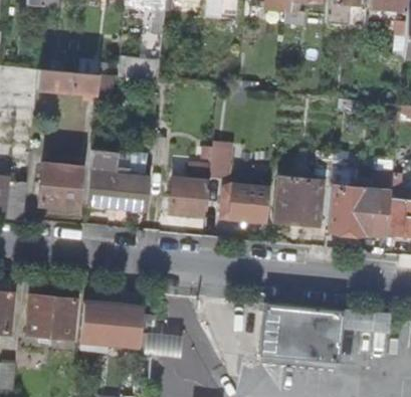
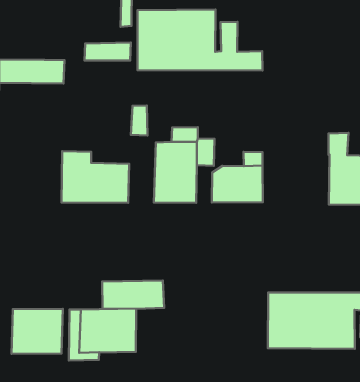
building: none -> [137,10,263,71]
building: [39,162,81,208] -> none
building: [273,177,325,225] -> none
building: none -> [102,281,164,309]

